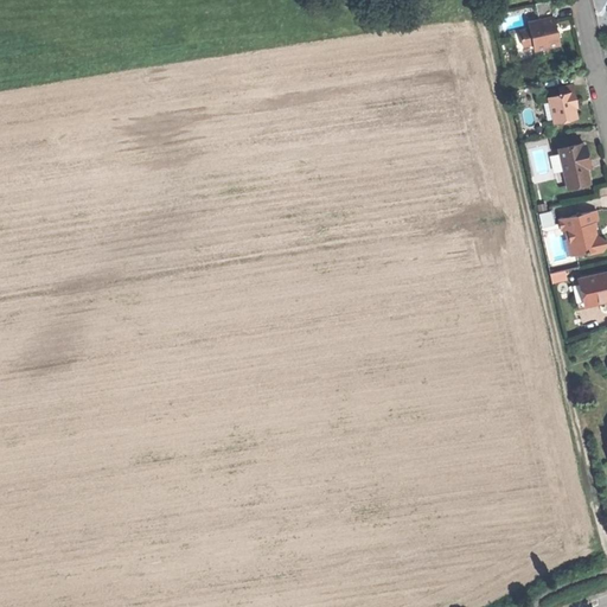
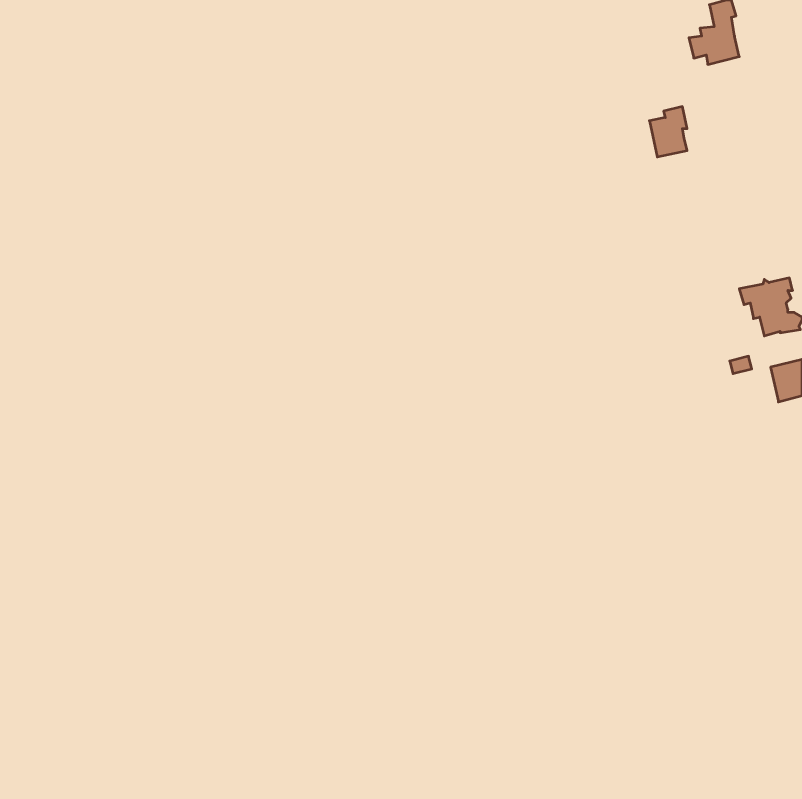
building: [549,87,577,124] -> [649,107,687,157]
building: [560,145,589,186] -> none

